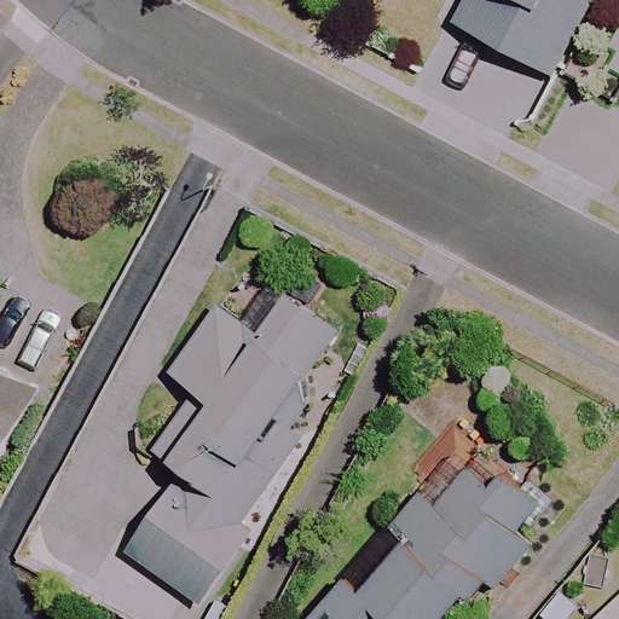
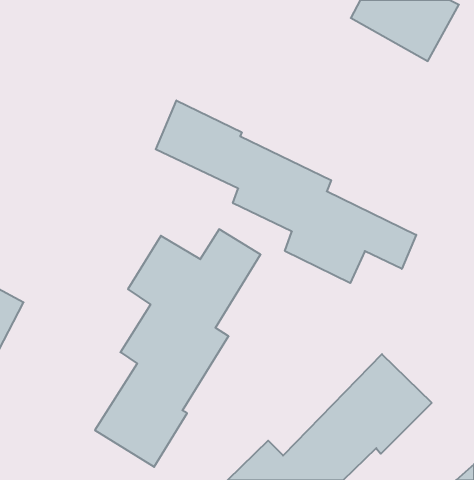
building: none -> [156,100,416,283]

